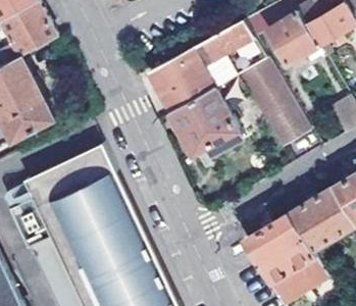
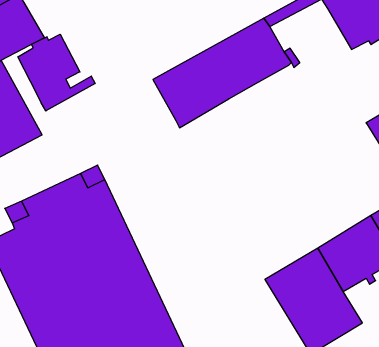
building: [265,11,318,62] -> none
building: none -> [18,34,95,111]
building: [239,59,307,145] -> none
building: [171,88,250,160] -> none

